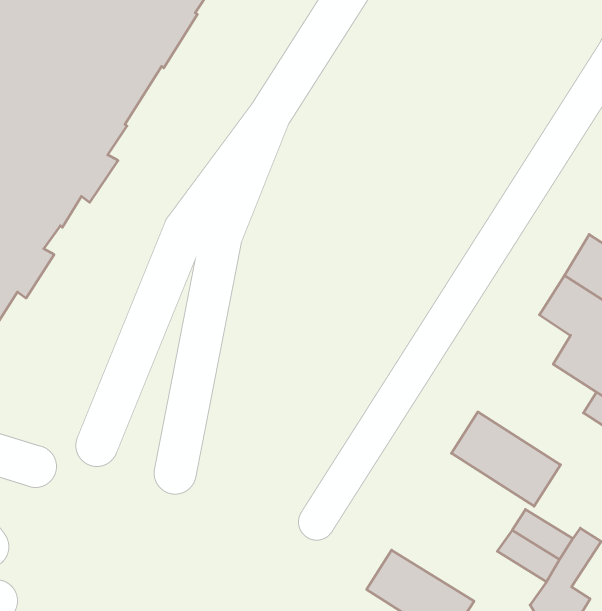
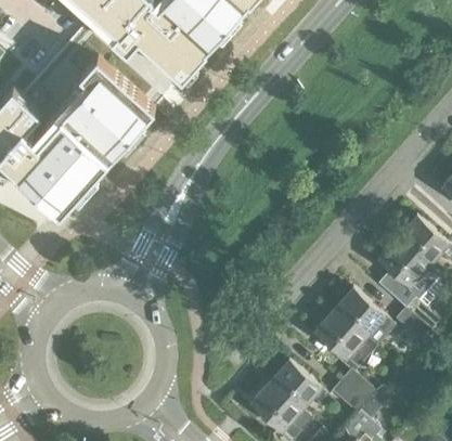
building: none -> [331,290,392,350]
building: none -> [267,362,330,421]

